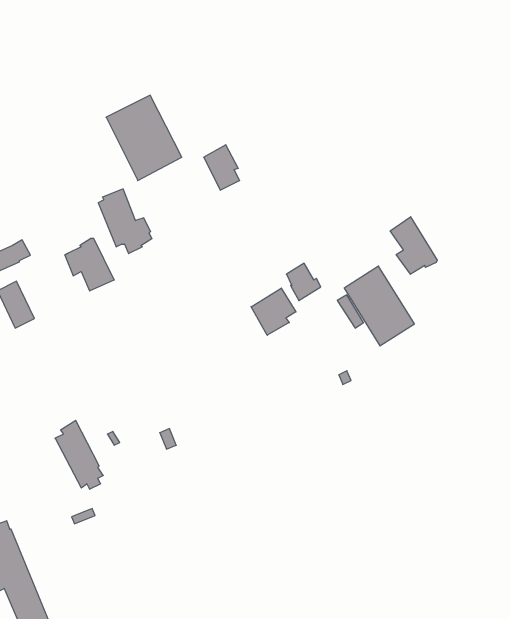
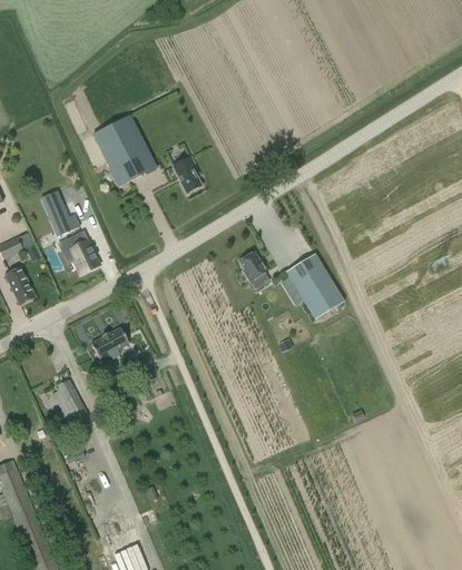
building: [98,189,152,254] -> [38,191,81,244]
building: [390,217,437,274] -> none
building: [251,288,296,335] -> none
building: none -> [91,327,129,363]

